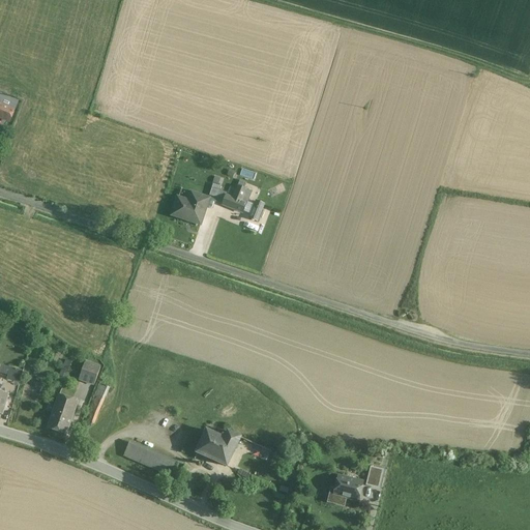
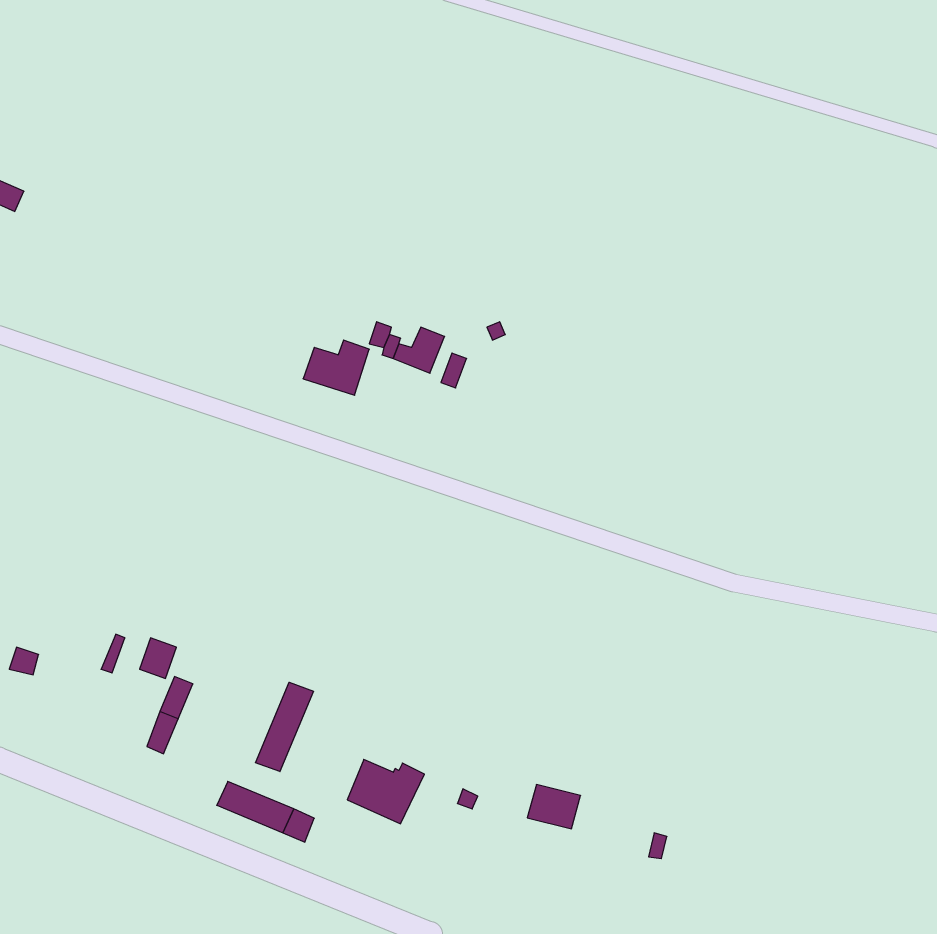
building: none -> [256,682,313,772]
building: [46,392,78,433] -> none
building: [332,474,362,499] -> [527,785,581,829]

